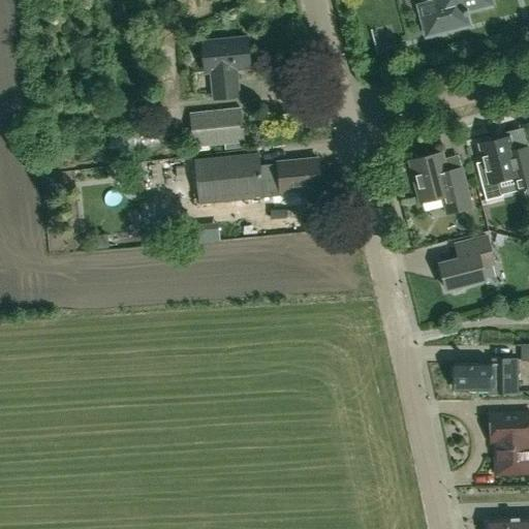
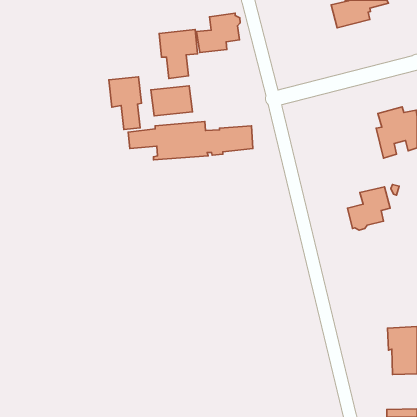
building: none -> [196,13,240,53]
building: none -> [109,77,142,129]
building: [409,153,471,214] -> none
building: [456,360,518,393] -> none

